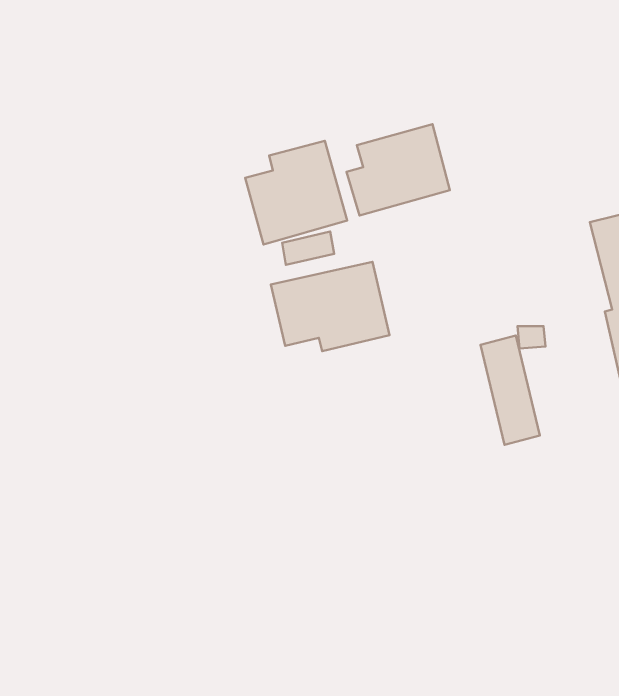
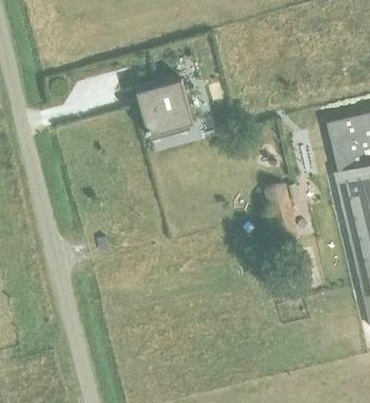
building: [347,124,450,215] -> none
building: [271,262,390,351] -> none

